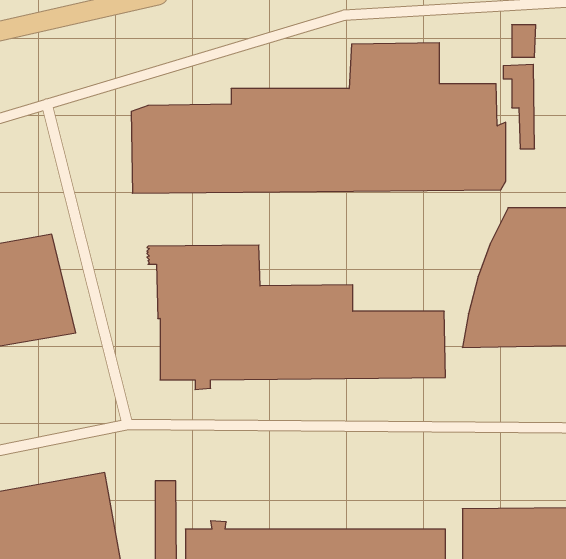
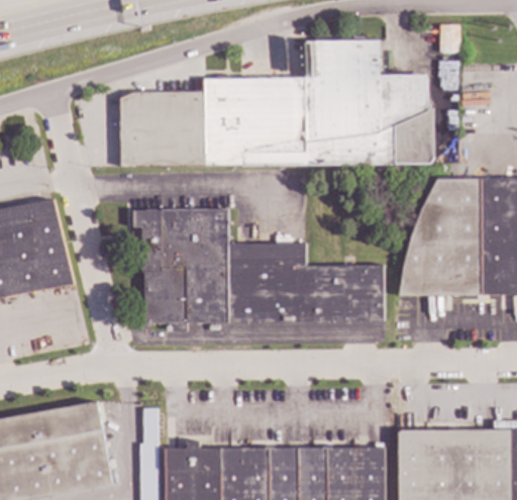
building: none -> [206,323,384,344]

